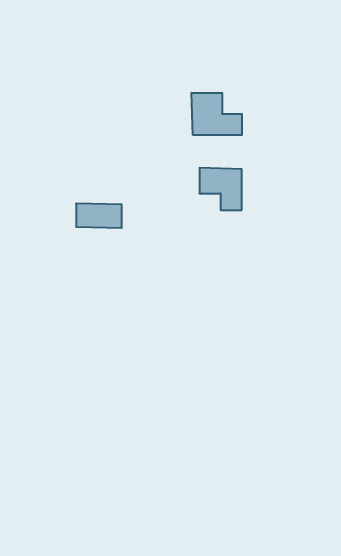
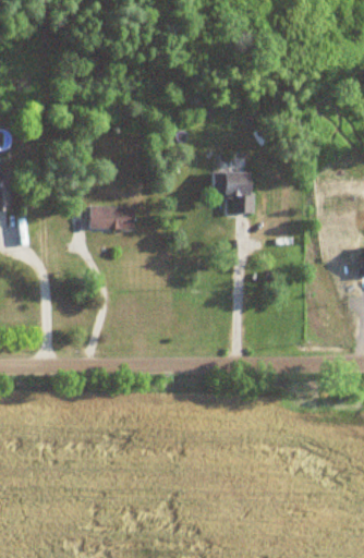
building: [192,93,242,135] -> none

